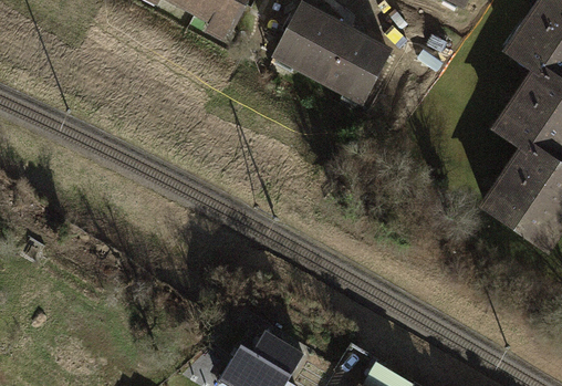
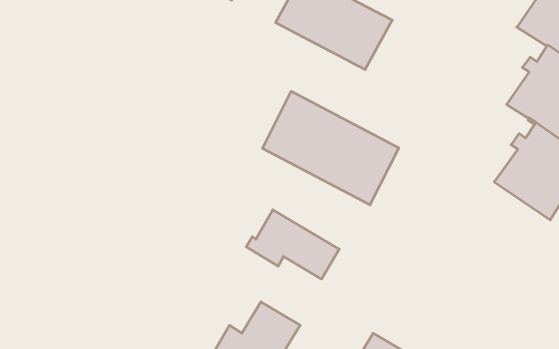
building: none -> [262,91,399,205]
building: none -> [246,210,339,279]

